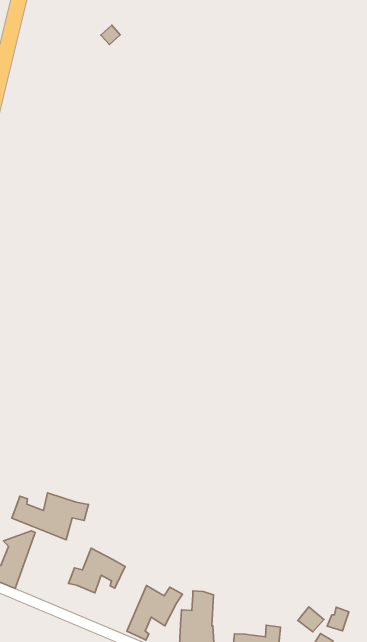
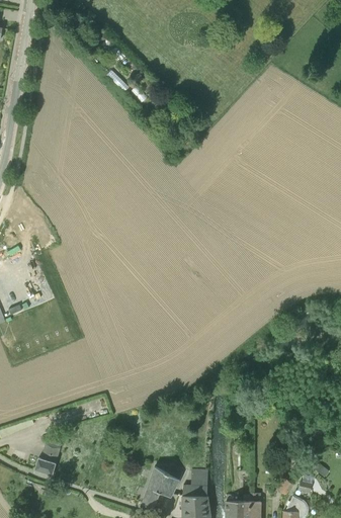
building: [12,493,88,540] -> none
building: [68,548,125,593] -> none

